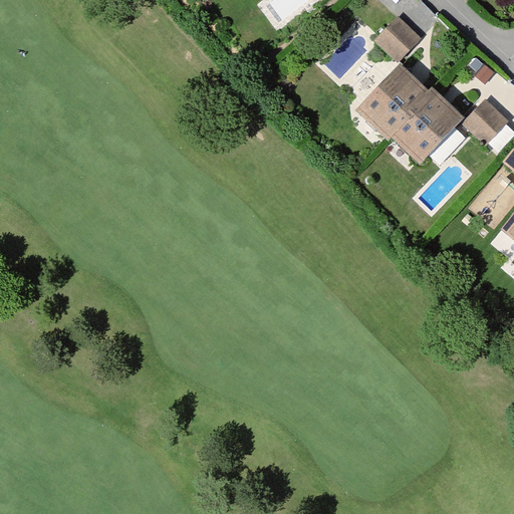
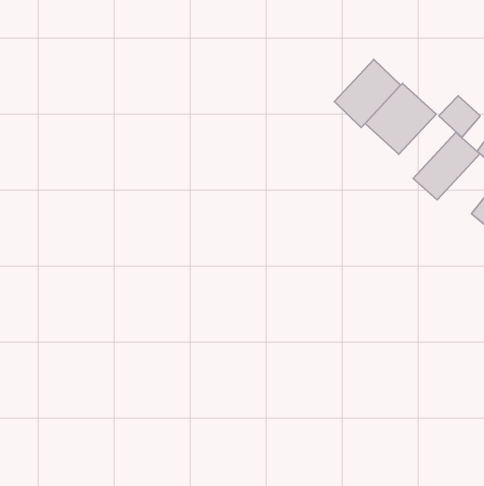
building: [377,16,423,61] -> none
building: none -> [413,132,480,200]

